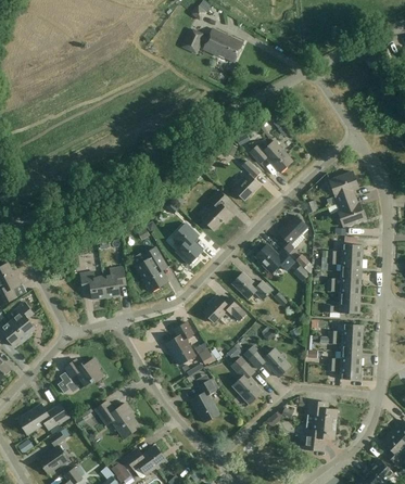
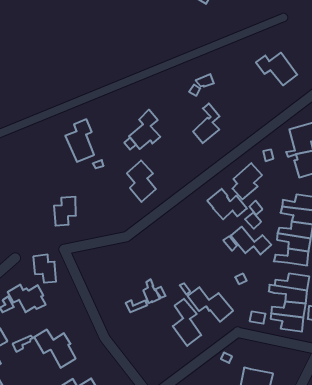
building: [250,140,292,173] -> [256,53,297,85]
building: [201,190,232,230] -> [129,110,160,149]
building: [136,247,166,291] -> [65,119,94,162]
building: [80,270,105,298] -> [33,255,56,283]
building: [231,273,273,300] -> [231,227,271,255]
building: [202,295,246,323] -> none
building: [165,322,195,365] -> none
building: [190,378,218,421] -> none
building: [307,399,337,423] -> none

